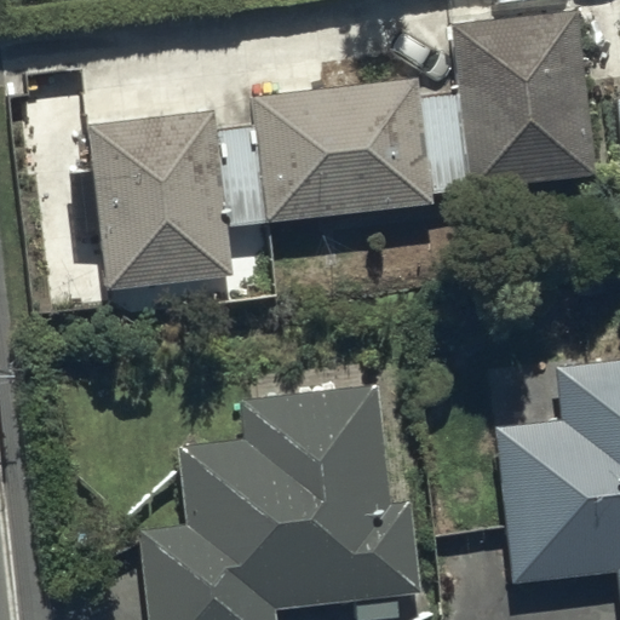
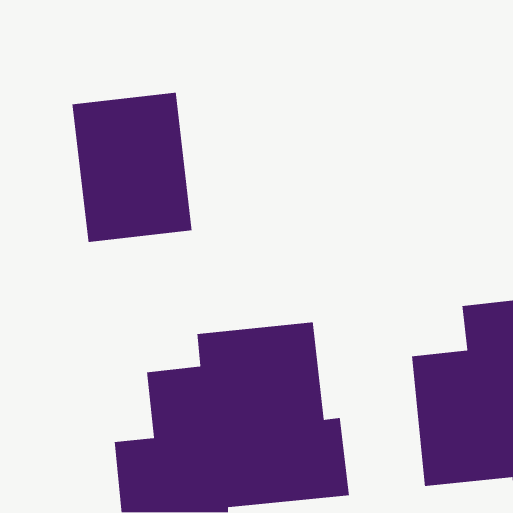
building: [450,11,596,190] -> none
building: [252,76,432,224] -> none

